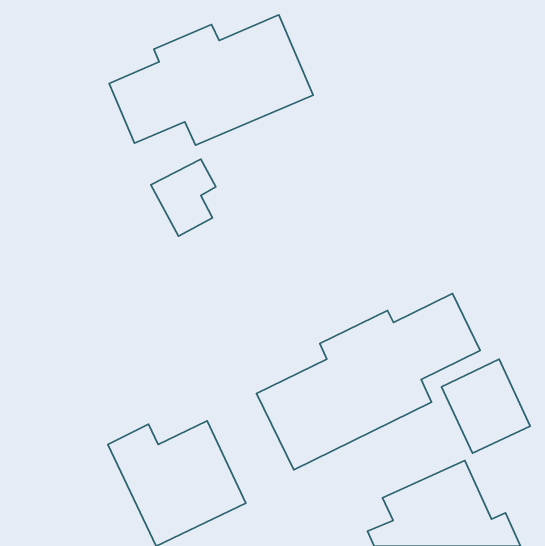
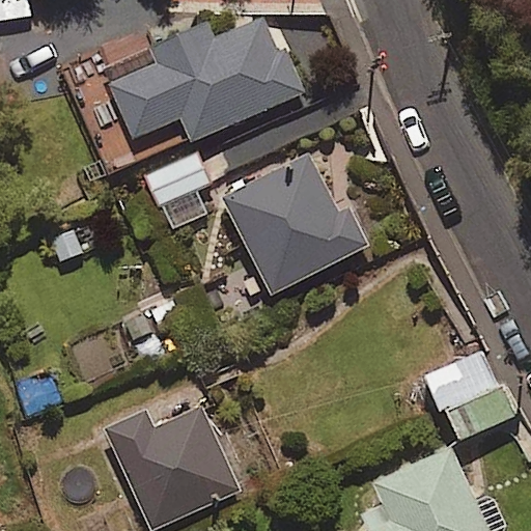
building: none -> [222,155,368,295]
building: [256,294,480,470] -> none

